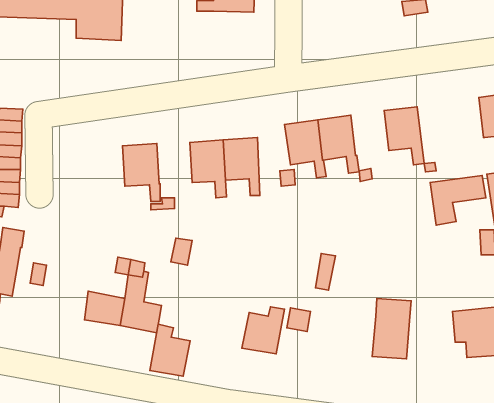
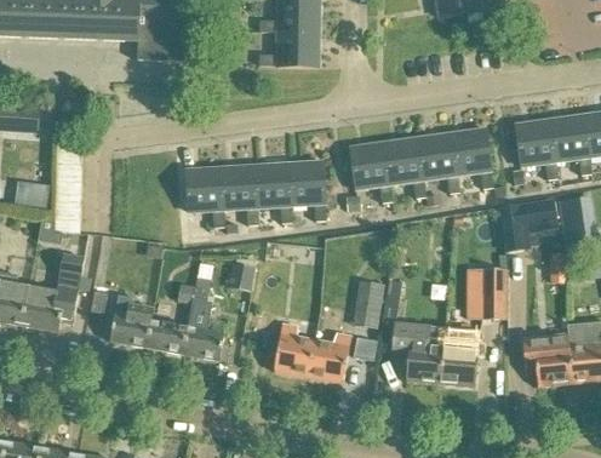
building: none -> [259,32,319,67]
building: none -> [515,120,557,179]
building: none -> [418,133,459,194]
building: none -> [219,166,257,225]
building: none -> [482,269,506,319]
building: none -> [353,280,387,327]
building: none -> [109,302,151,348]
building: none -> [390,321,443,385]
building: [150,324,190,376] -> [273,324,314,377]

